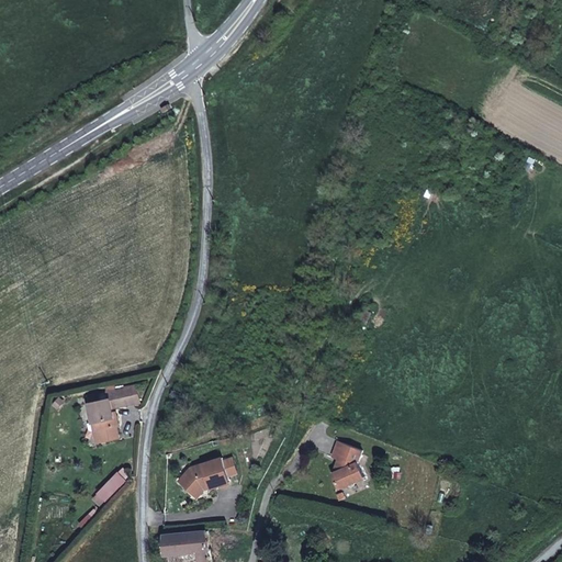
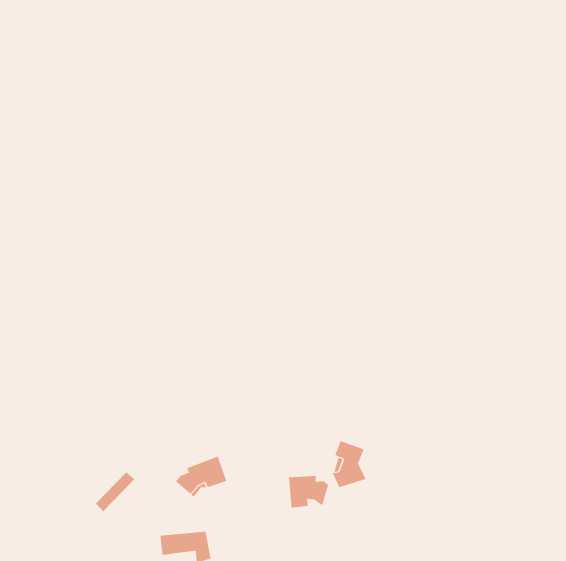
building: [85,384,138,445] -> none
building: none -> [289,475,329,508]

